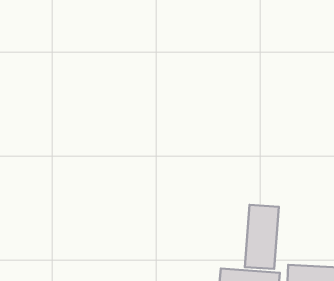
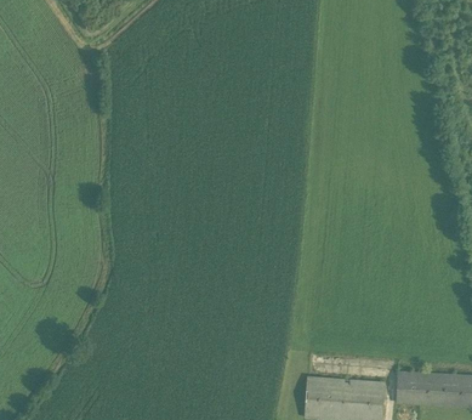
building: [245,205,279,269] -> none

